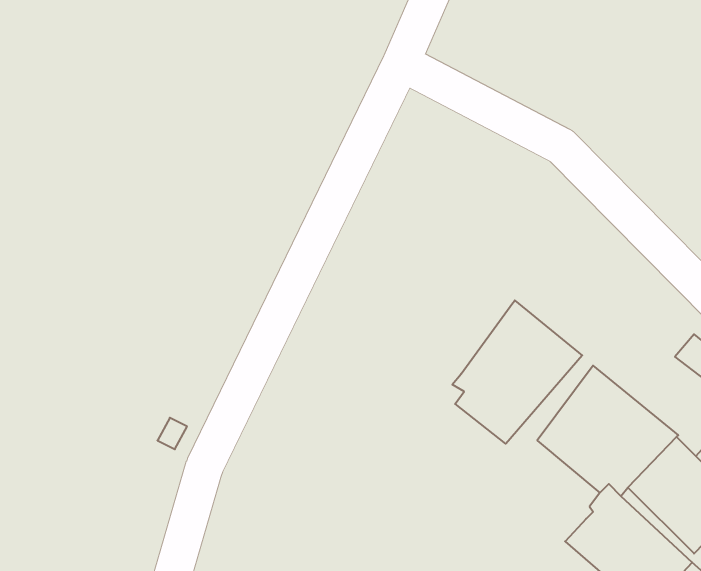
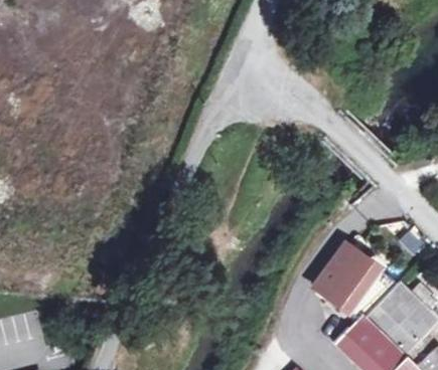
building: [452,300,582,444] -> none

